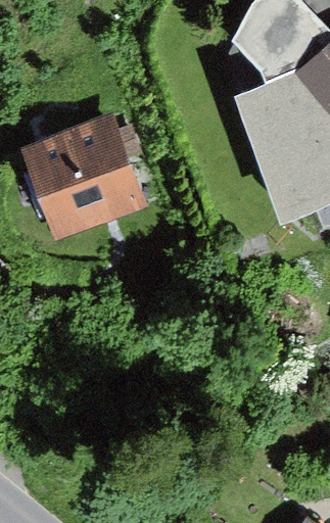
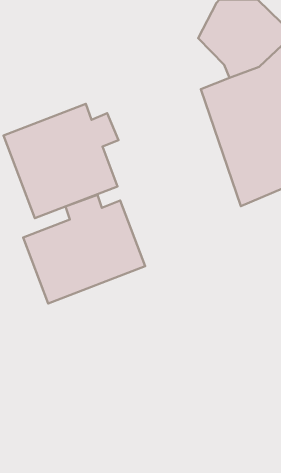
building: none -> [23,195,145,303]

